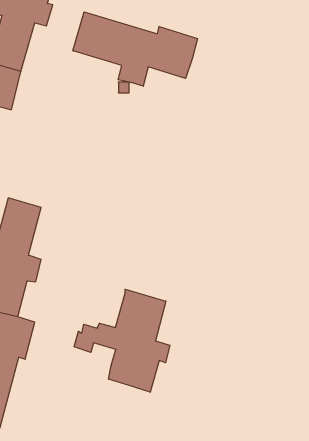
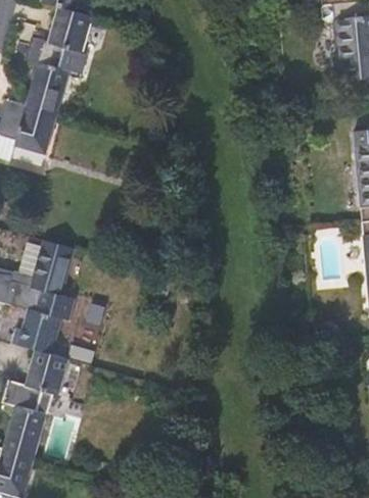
building: [73,12,198,86] -> none
building: [74,289,170,392] -> none

